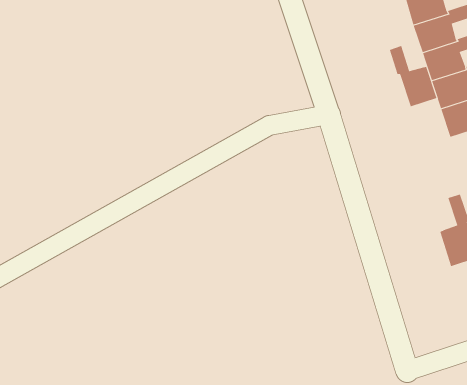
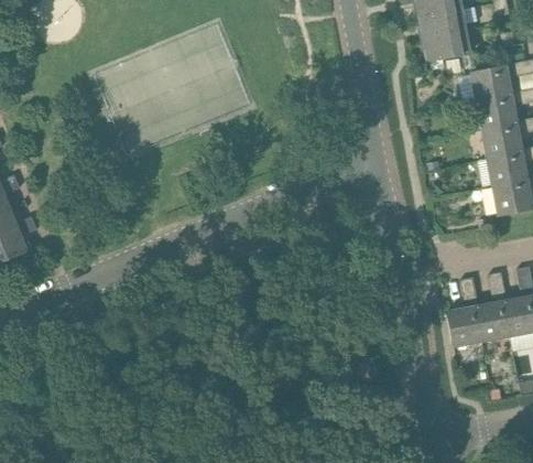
building: [389,45,437,107] -> none
building: none -> [446,277,481,347]

